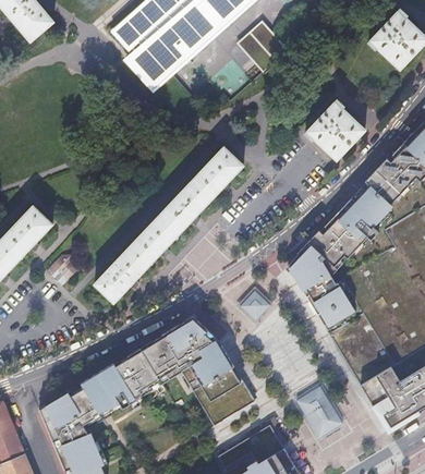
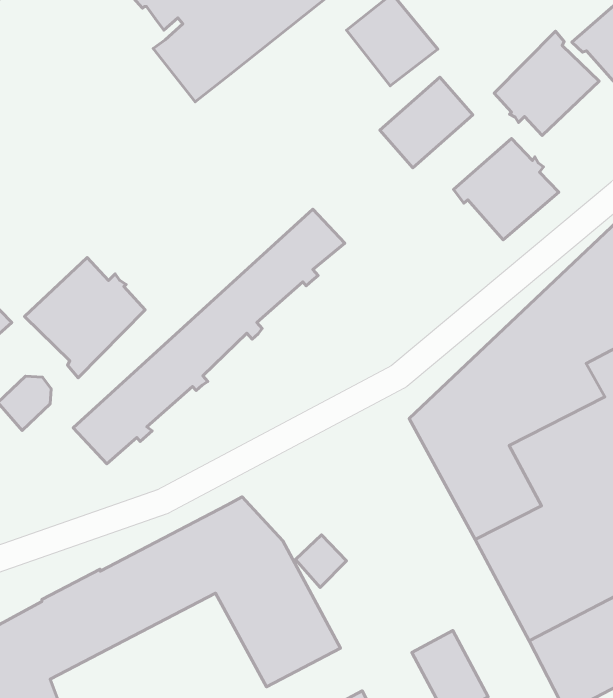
building: none -> [494,31,599,135]
building: none -> [380,77,473,168]
building: none -> [25,257,145,378]
building: [240,291,269,321] -> [296,535,346,587]

